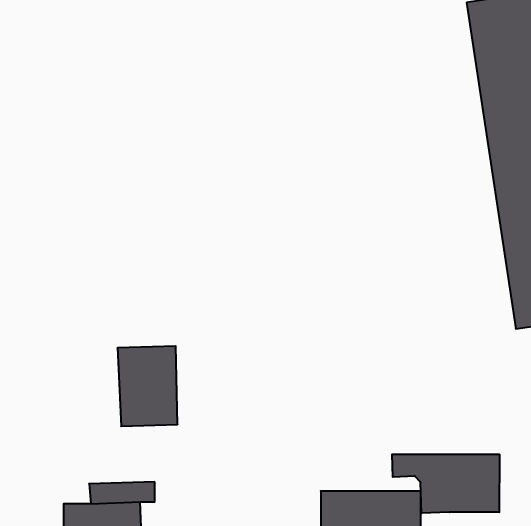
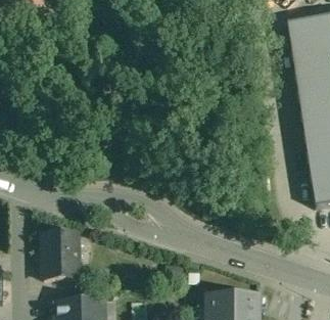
building: [117,346,178,426] -> [43,232,77,277]
building: [392,454,499,513] -> none

